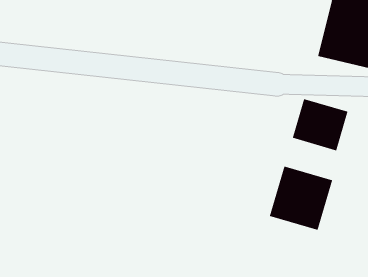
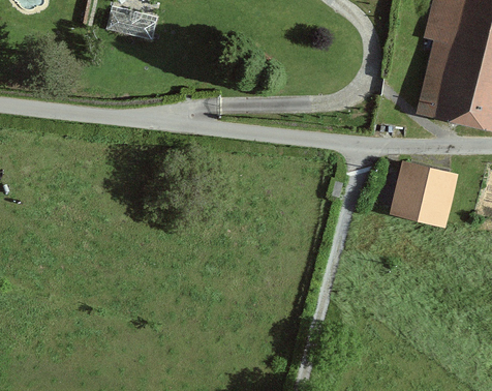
building: [269,166,333,231] -> none

